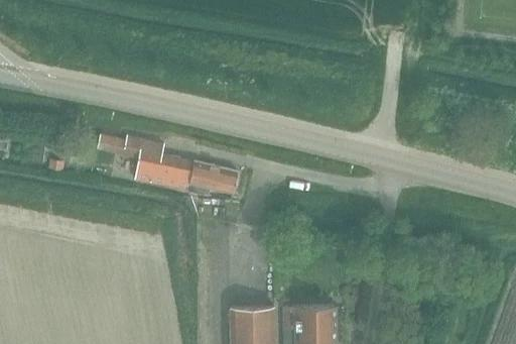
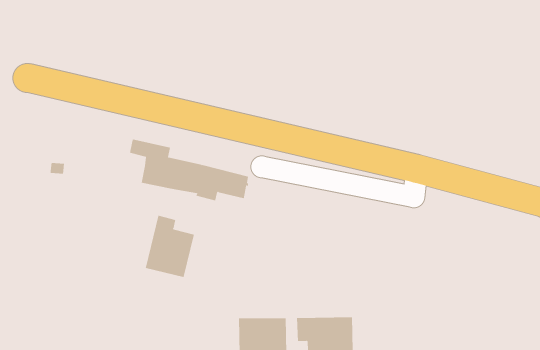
building: none -> [145,215,195,278]

